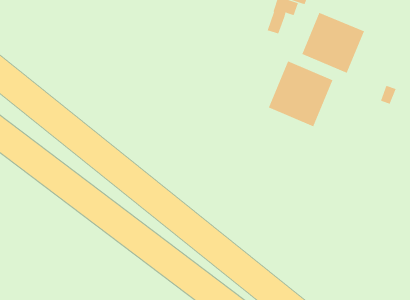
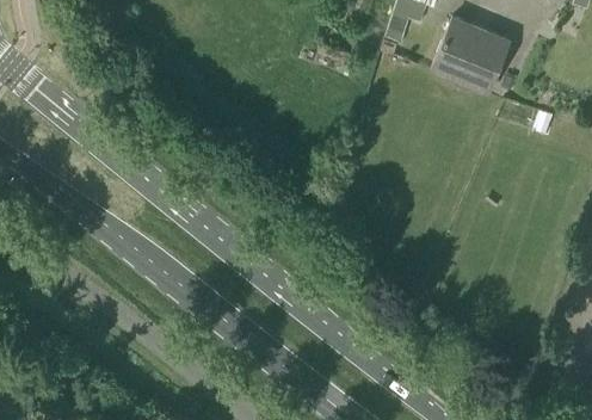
building: [268,60,333,127] -> none

